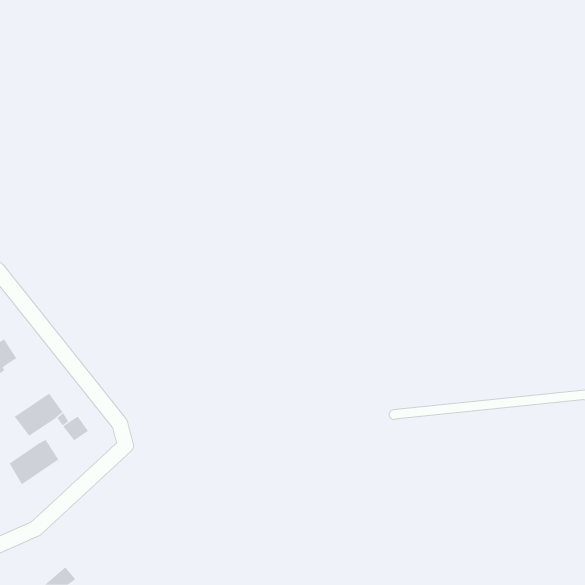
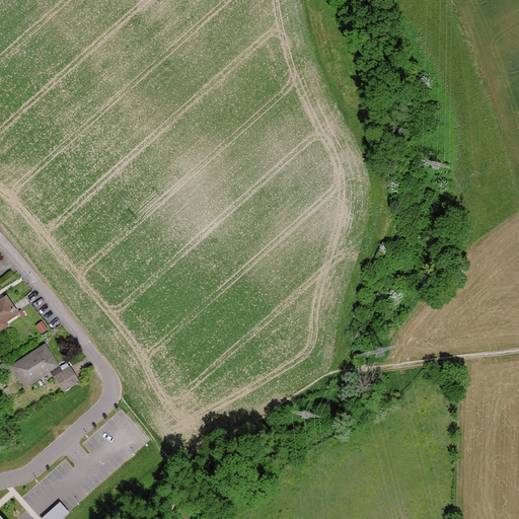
building: [9,439,59,485] -> none

